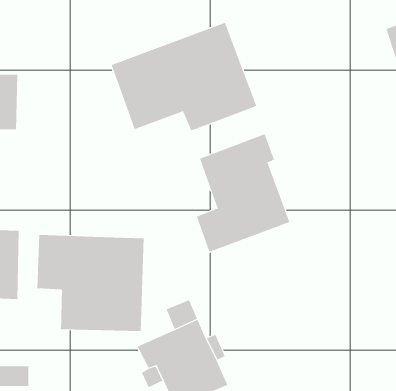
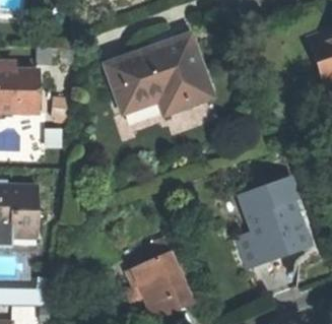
building: [196,134,290,252] -> [239,178,308,265]
building: [37,234,144,332] -> none

